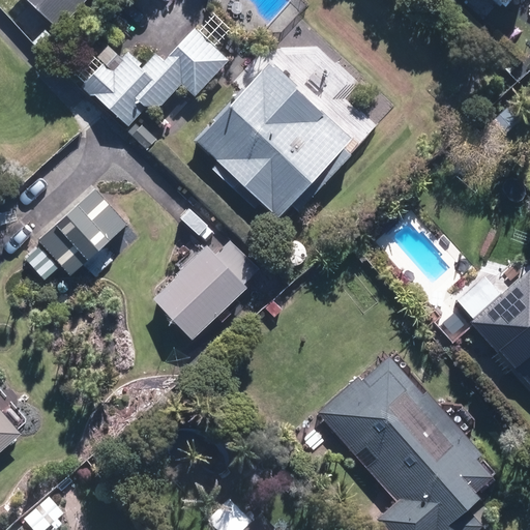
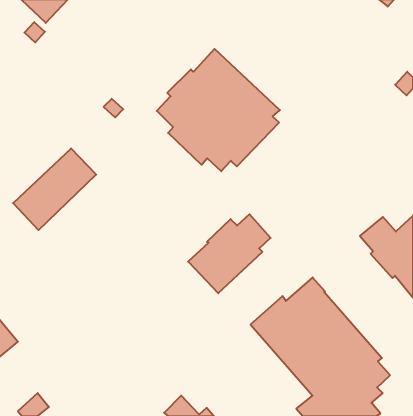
building: [82,28,229,124] -> none
building: [154,239,259,340] -> [188,214,271,293]

